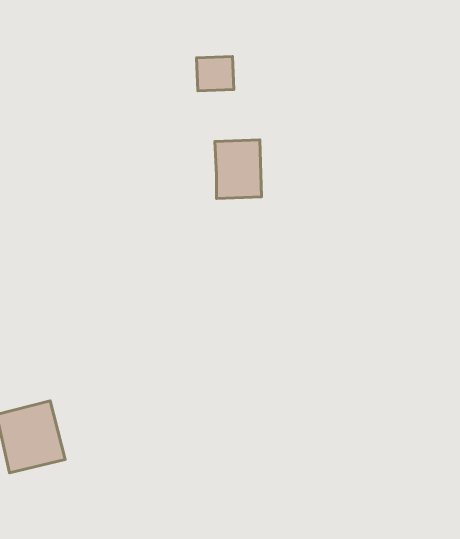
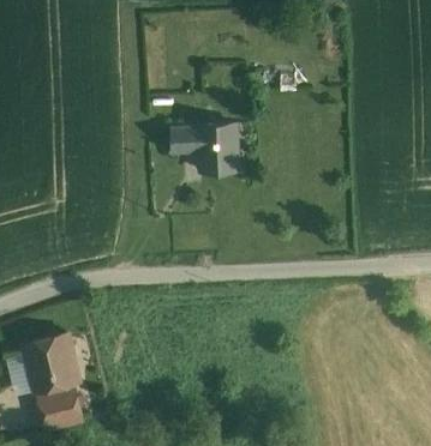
building: [196,56,234,91] -> [170,127,200,155]
building: none -> [38,390,82,429]

